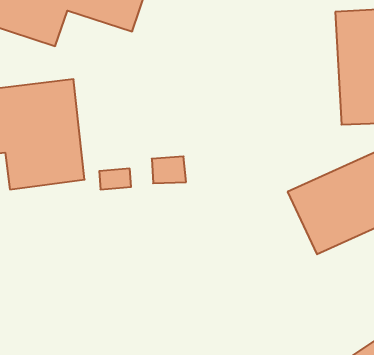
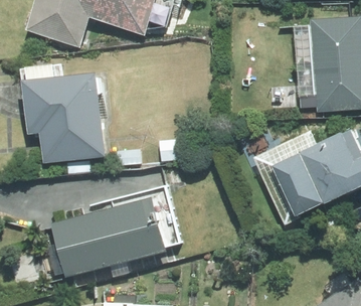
building: none -> [50,197,165,277]

